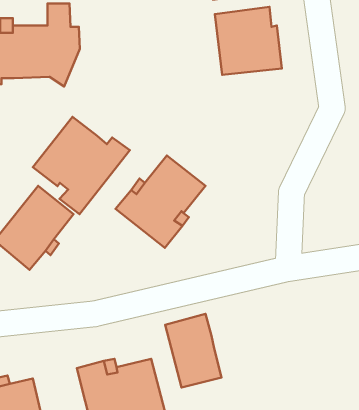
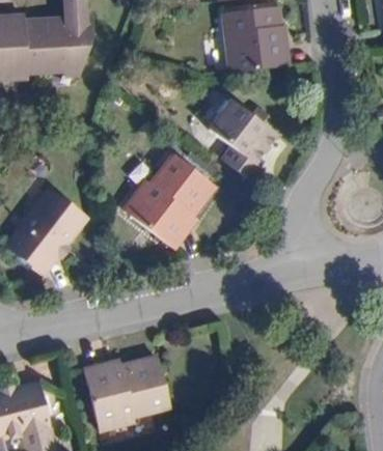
building: none -> [207,98,273,178]
building: [33,117,130,214] -> none
building: [165,314,221,388] -> none

